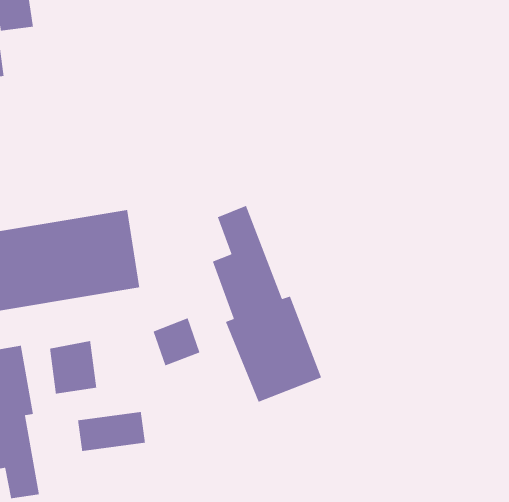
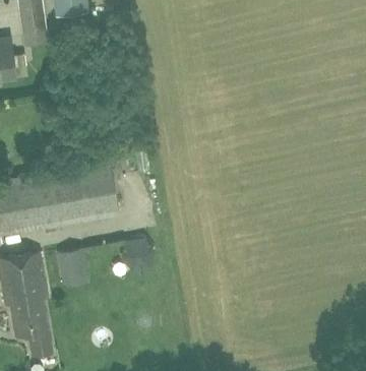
building: [212,205,322,403] -> none
building: [77,411,146,452] -> none

